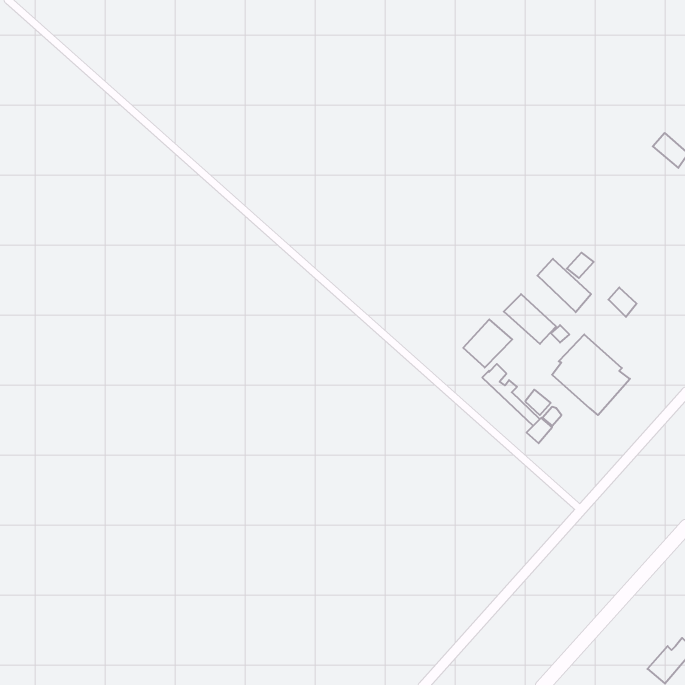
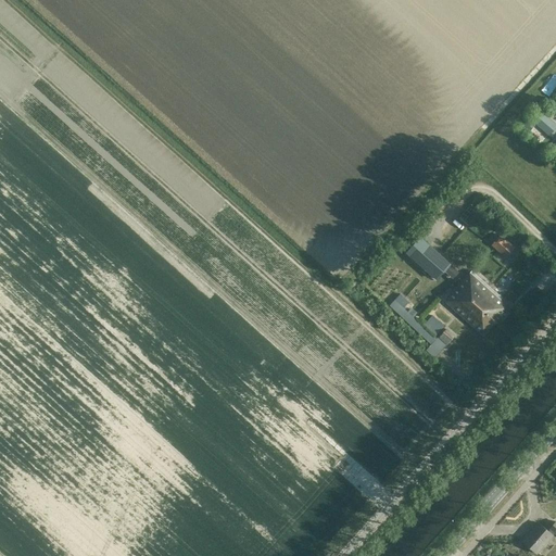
building: [537,259,591,312] -> none
building: [463,319,512,368] -> none

